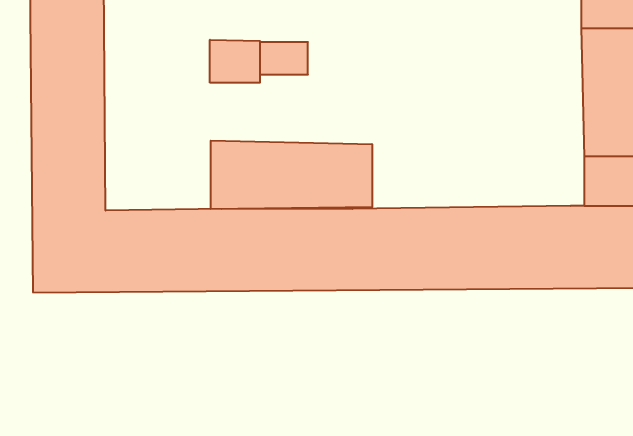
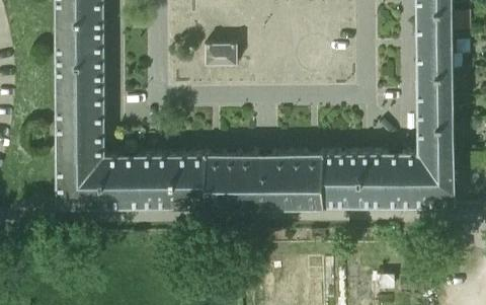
building: [210,40,260,83] -> none
building: [211,141,372,209] -> none

